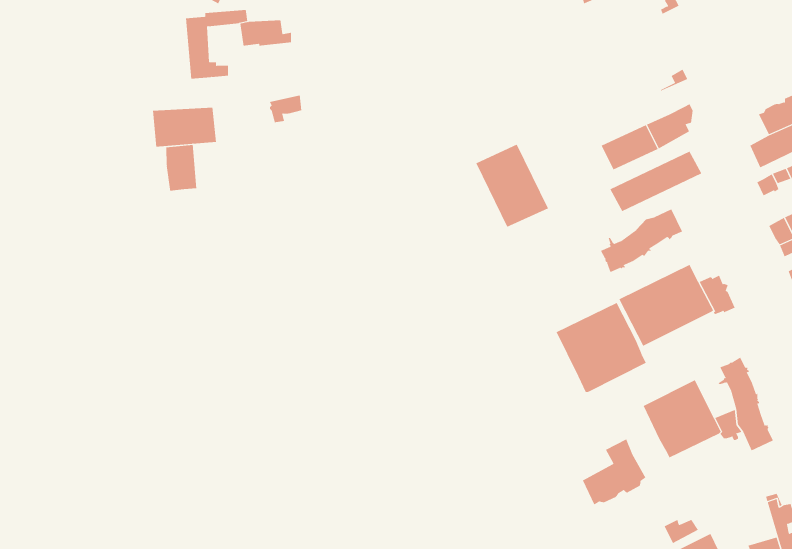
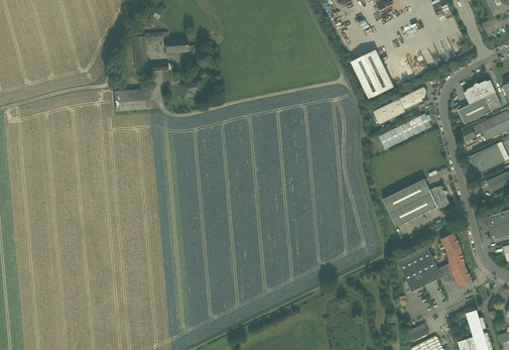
building: [475,144,549,228] -> [351,50,393,99]
building: [166,144,197,192] -> none
building: [600,208,683,273] -> none
building: [556,302,646,393] -> none
building: [582,438,646,506] -> none

